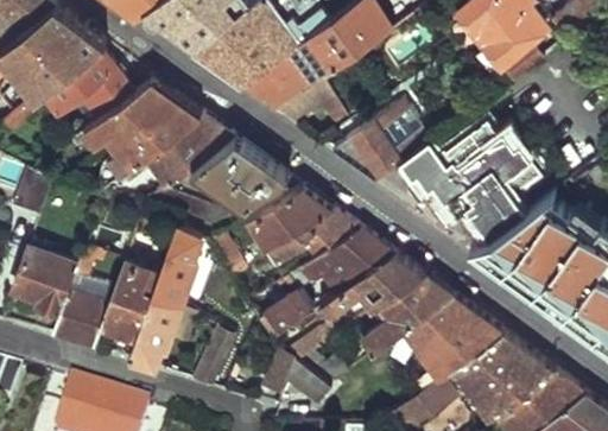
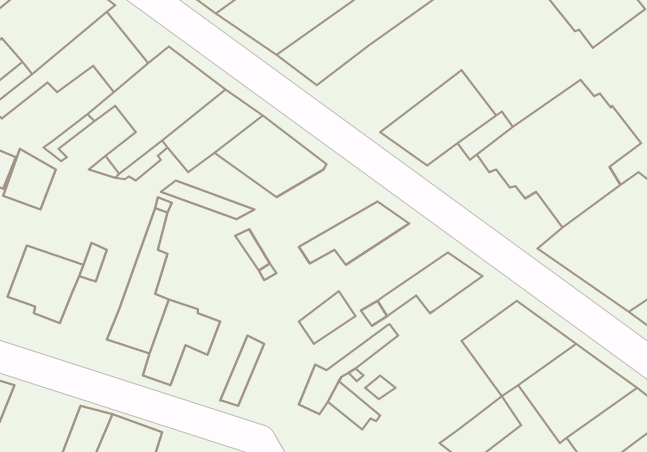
building: [278,77,341,129] -> none
building: [243,189,330,252] -> none
building: [151,228,201,304] -> none
building: [286,230,391,293] -> none
building: [357,275,450,355] -> none
building: [50,290,108,349] -> none

